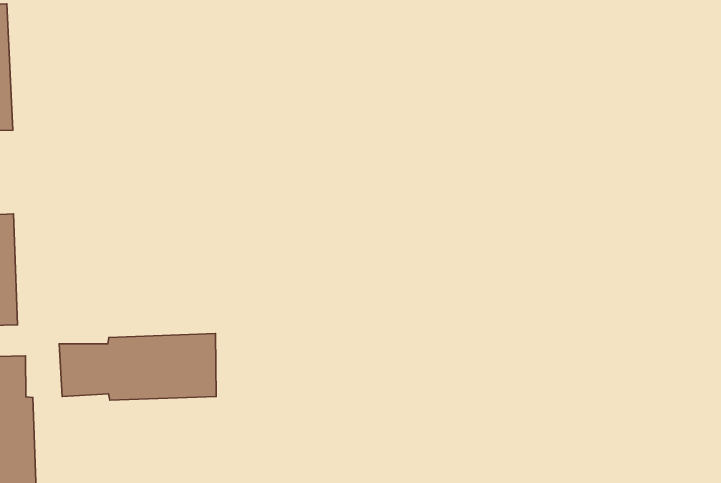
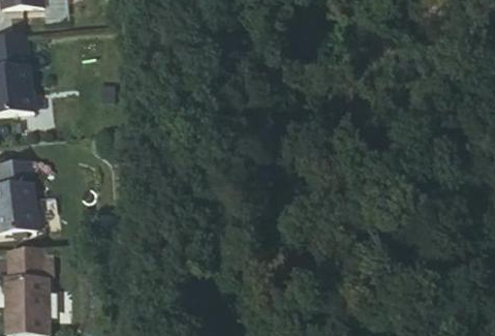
building: [59,334,216,400] -> none

